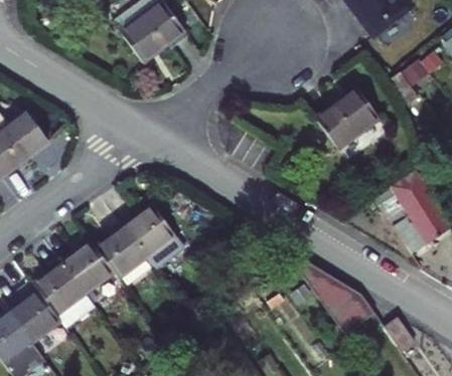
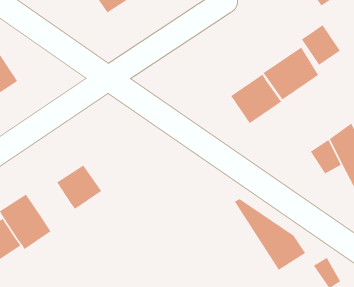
building: none -> [301,24,341,66]
building: none -> [230,73,282,124]
building: [124,205,175,256] -> none
building: [62,242,112,293] -> none

